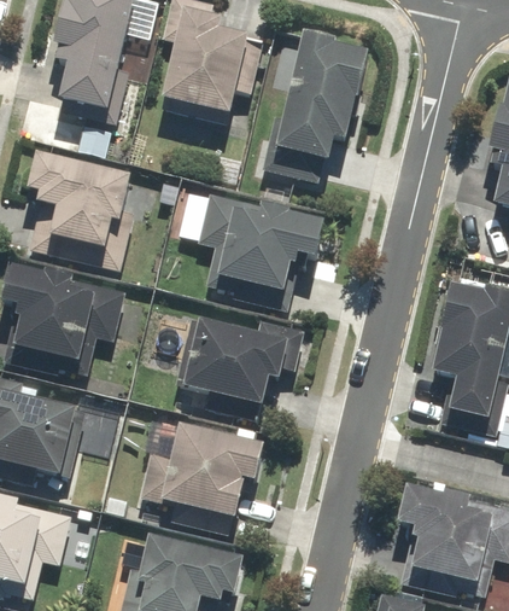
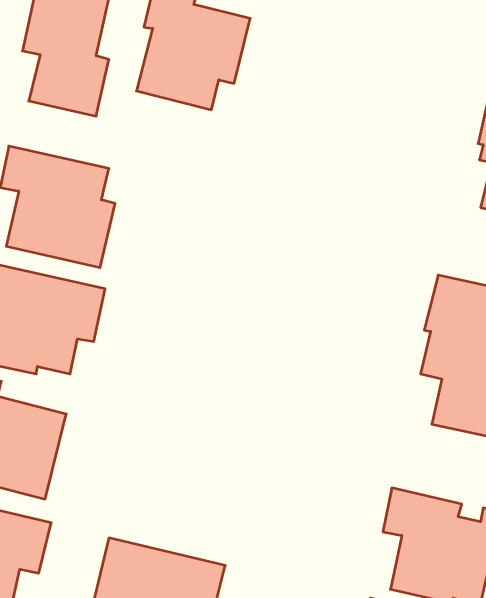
building: [263,33,368,181] -> none
building: [199,190,322,309] -> none
building: [175,318,308,418] -> none
building: [144,415,269,531] -> none

